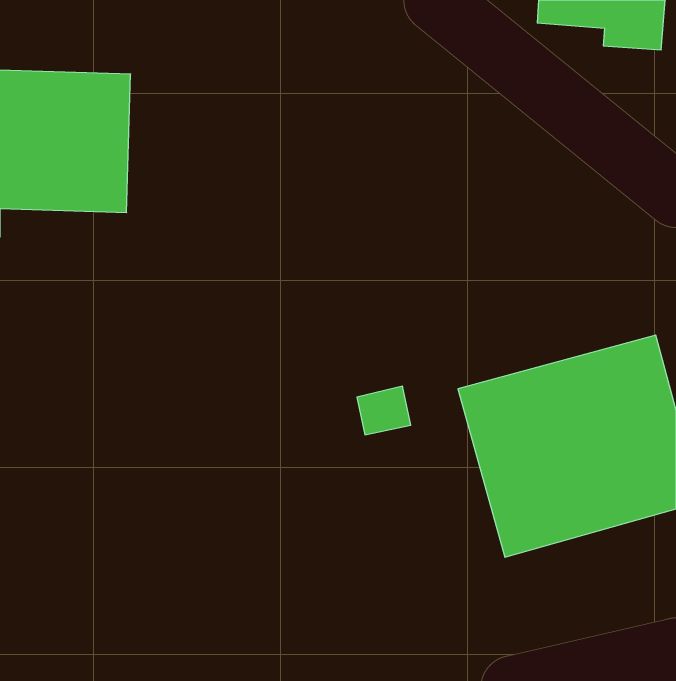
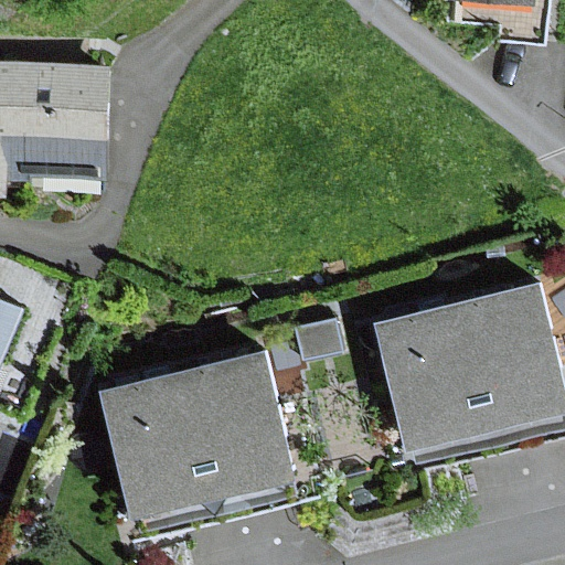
building: none -> [98,348,297,531]

